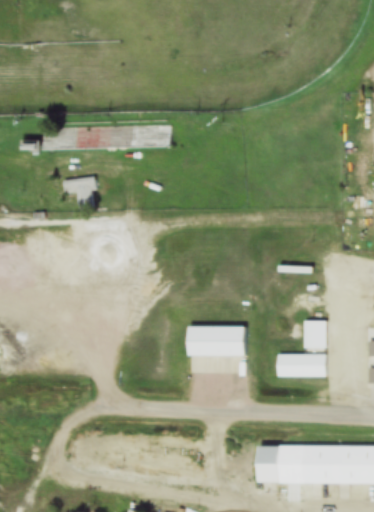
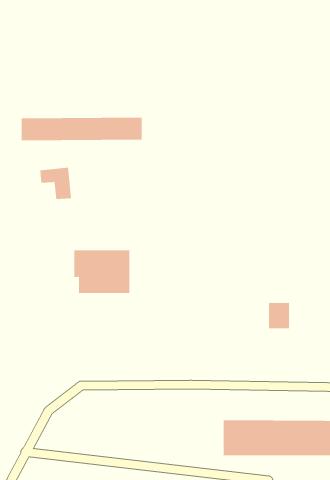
building: [187,326,247,372] -> [74,250,130,293]
building: [277,353,327,376] -> none

